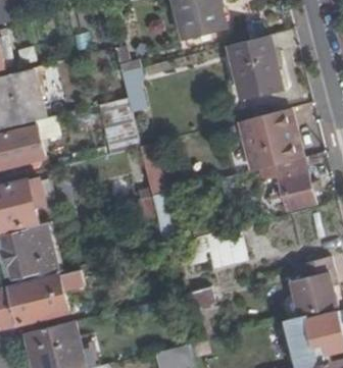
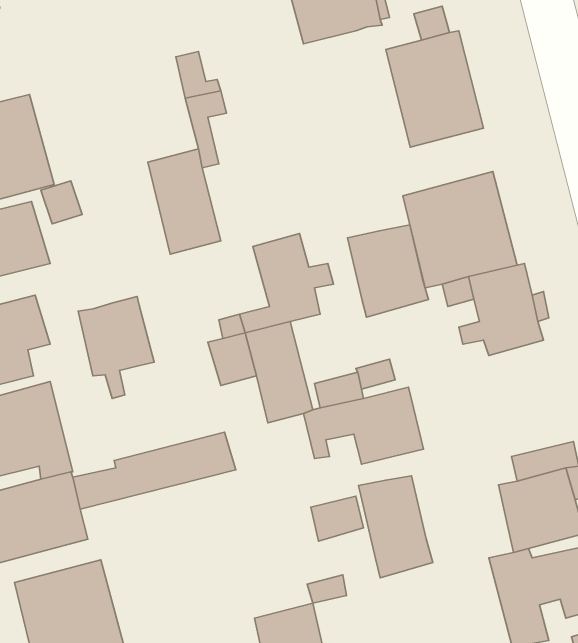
building: none -> [347,225,428,317]
building: none -> [78,296,154,398]
building: none -> [359,476,433,578]

